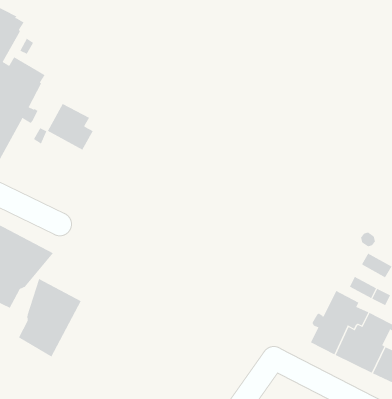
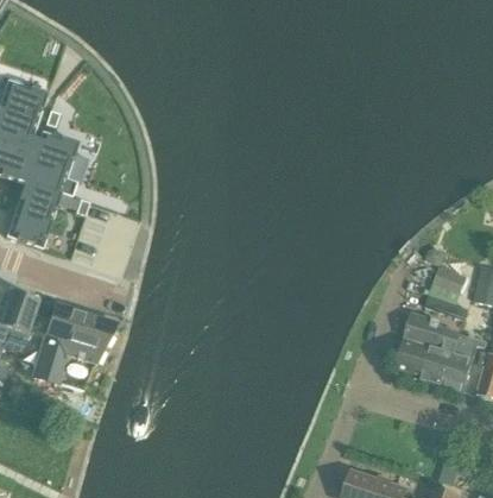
building: [47,103,93,151] -> none
building: [18,278,82,358] -> none

